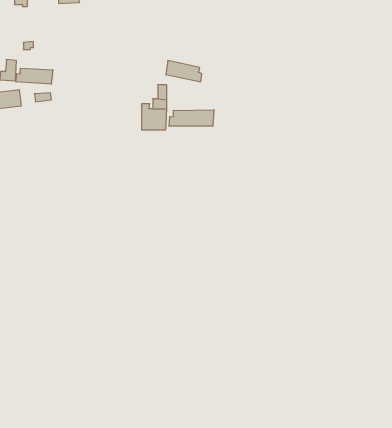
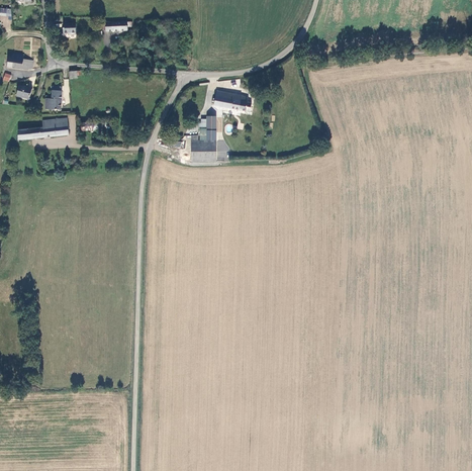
building: [16,68,53,84] -> none
building: [169,110,214,126] -> none

